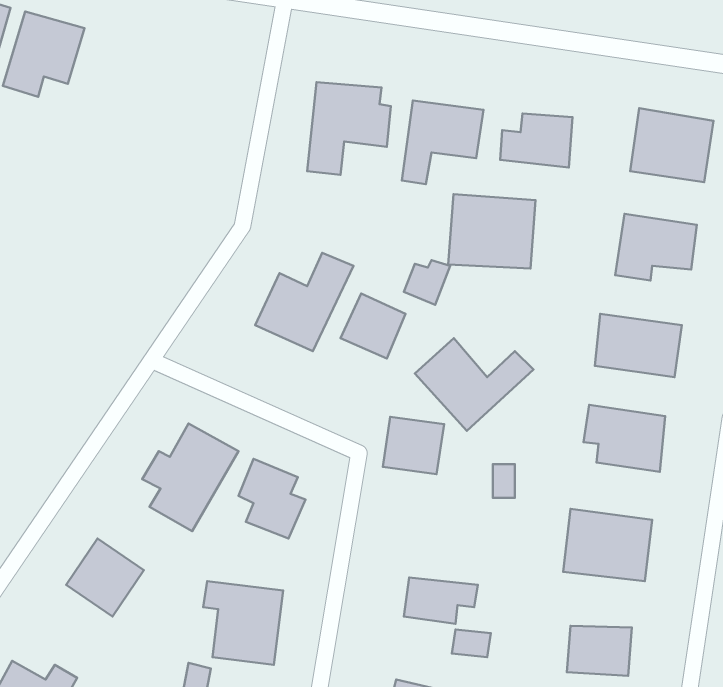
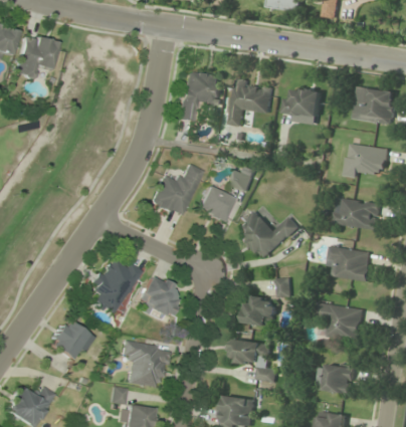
building: [448,194,536,269] -> none
building: [383,417,444,474] -> [245,296,278,328]

